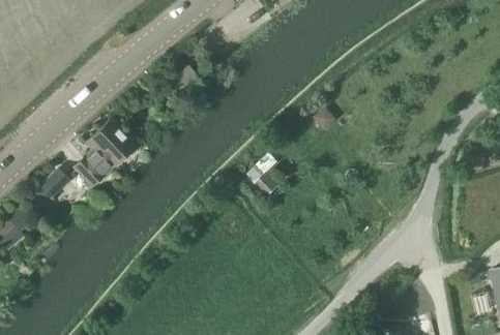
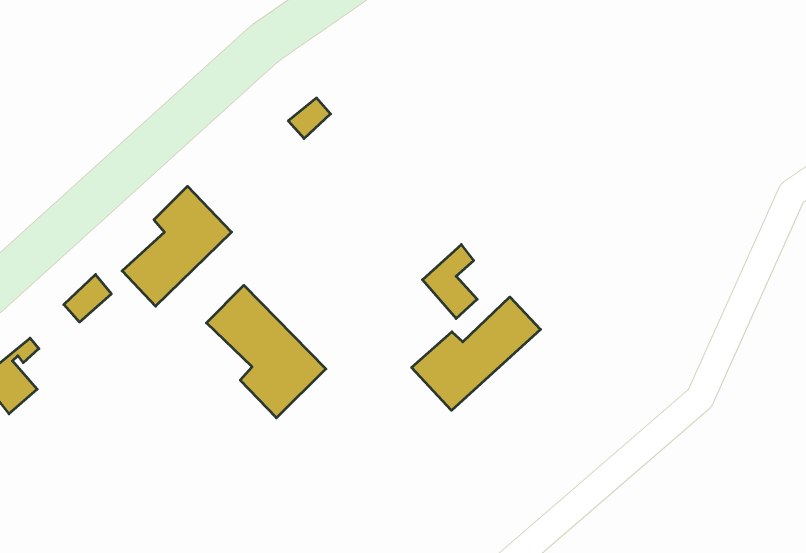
building: none -> [206,285,326,418]
building: none -> [412,297,541,410]

